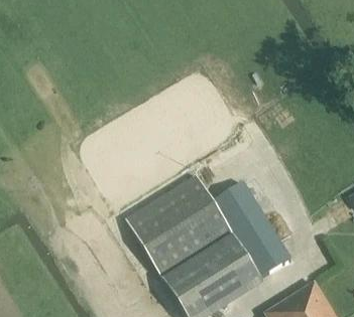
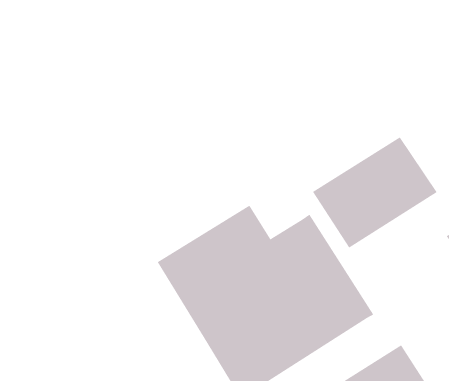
building: none -> [312,137,438,249]

